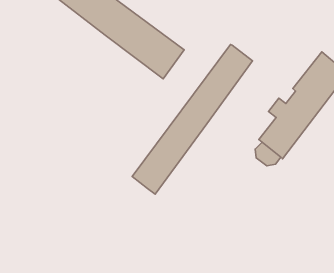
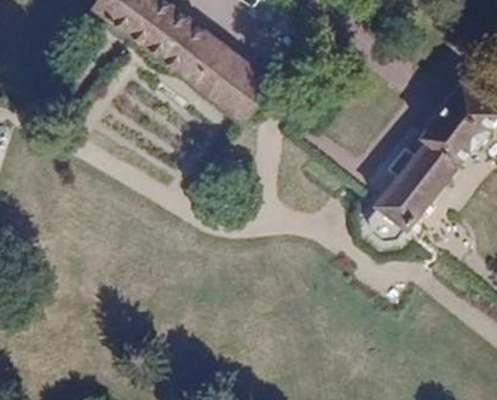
building: [132,44,252,194] -> none

